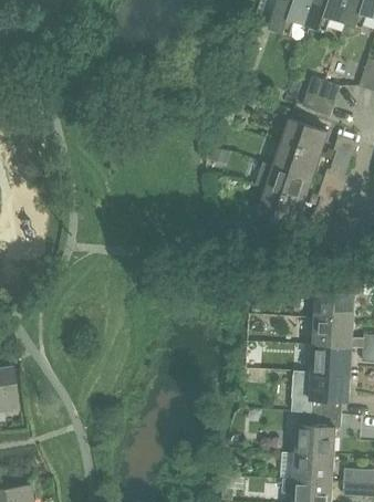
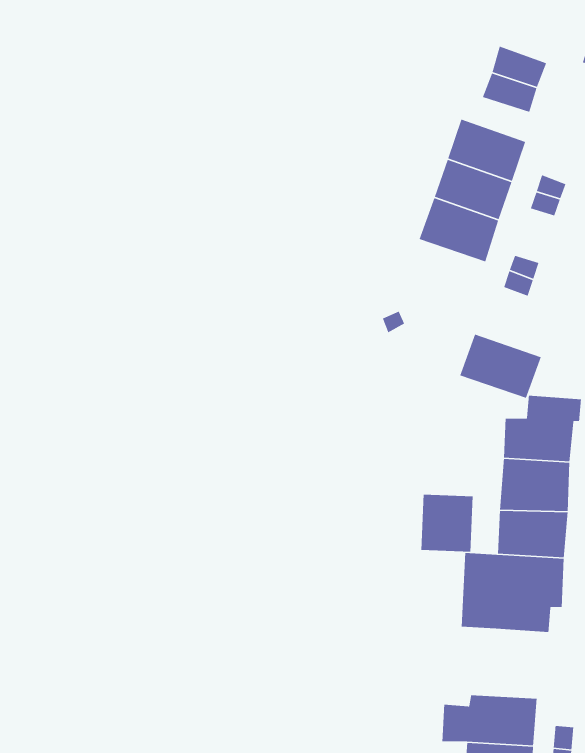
building: [257,188,304,226] -> [459,334,542,399]
building: none -> [421,494,473,553]
building: [295,412,341,452] -> none

